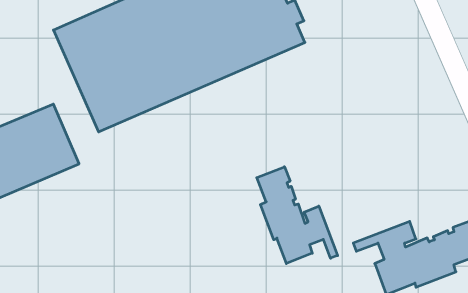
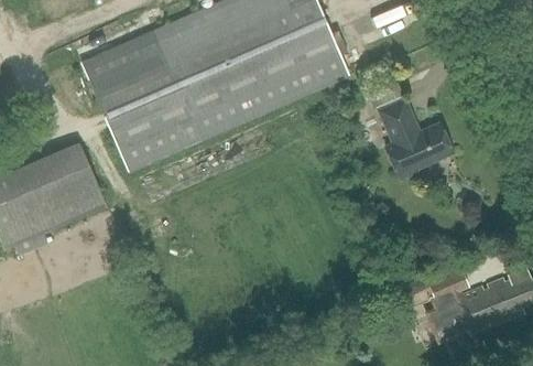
building: none -> [379,100,454,179]
building: [257,167,338,264] -> none

